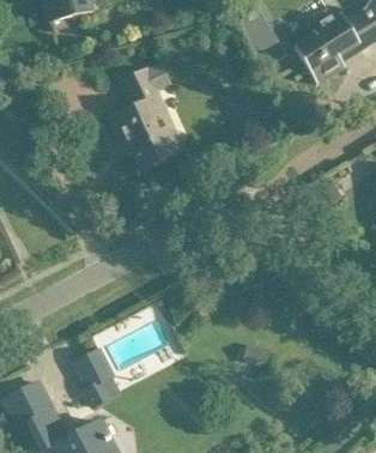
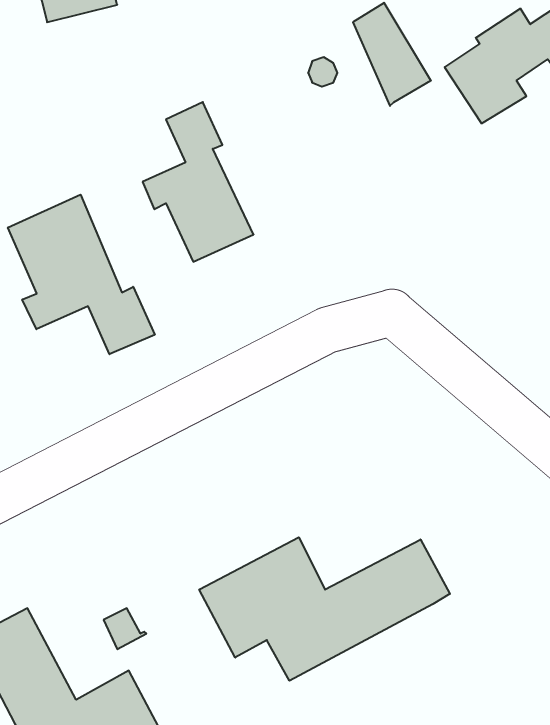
building: none -> [8,195,155,354]
building: none -> [199,537,450,681]

